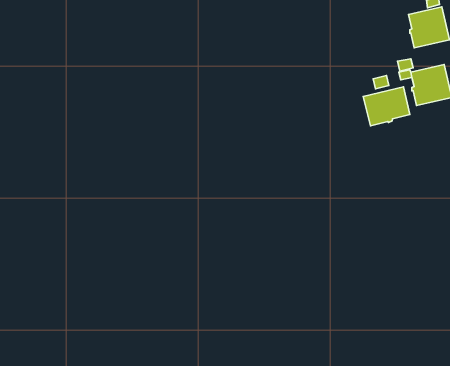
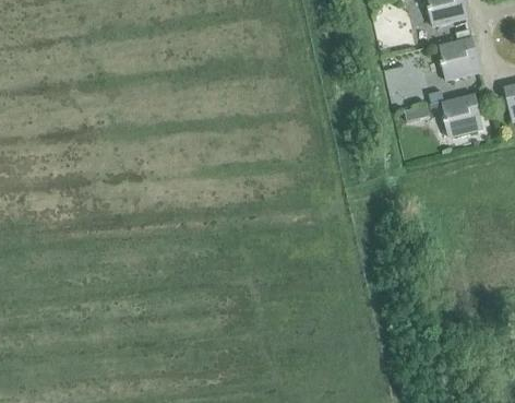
building: [363,87,410,126] -> none

